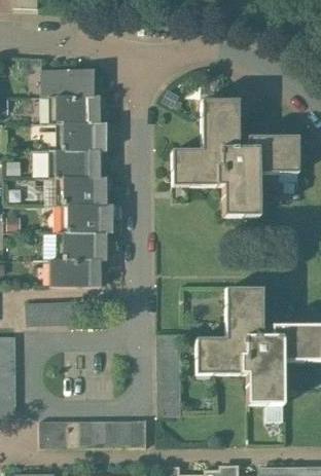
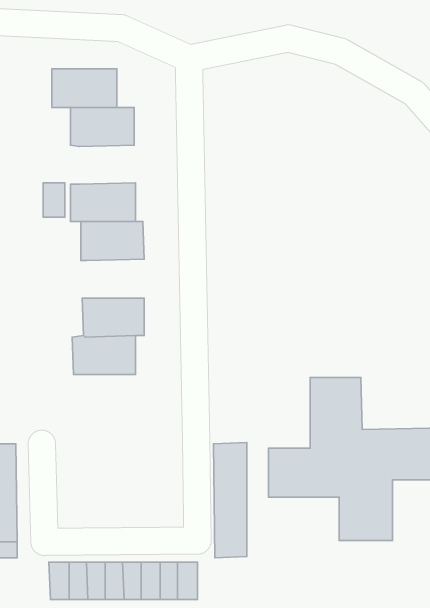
building: [171,100,297,217] -> none
building: [61,123,106,151] -> none
building: [66,205,113,232] -> none
building: [26,301,73,326] -> none

